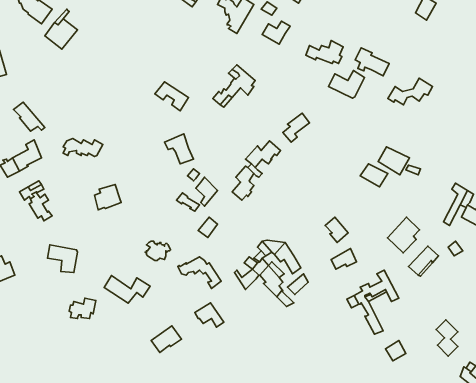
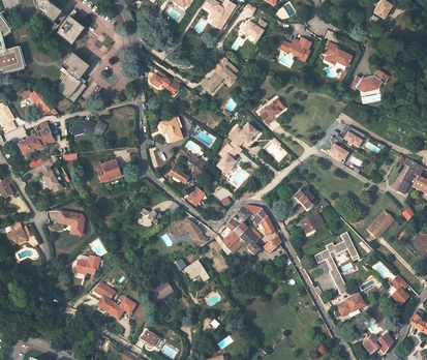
building: none -> [55,52,89,103]
building: [329,71,365,98] -> none
building: [387,217,419,253] -> none
building: [104,275,150,303] -> [97,297,136,321]

